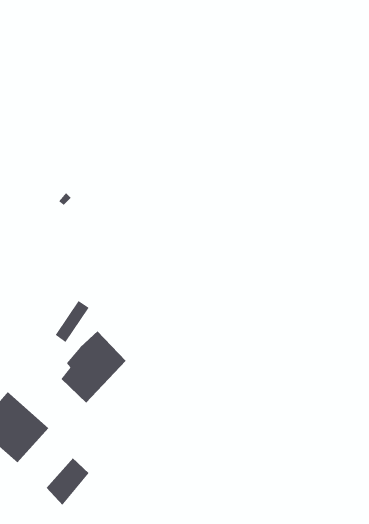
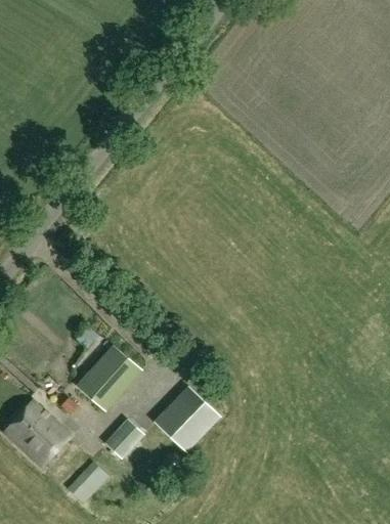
building: none -> [154,386,219,450]
building: none -> [104,418,143,457]

